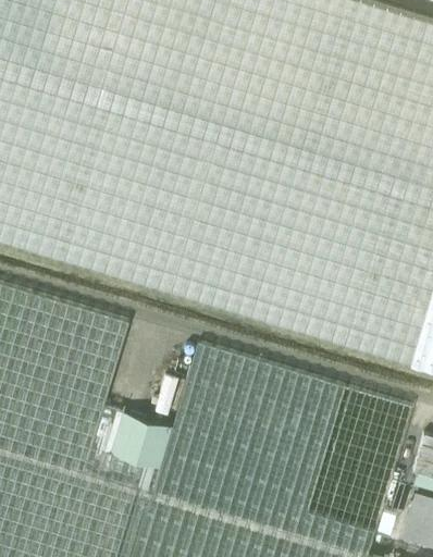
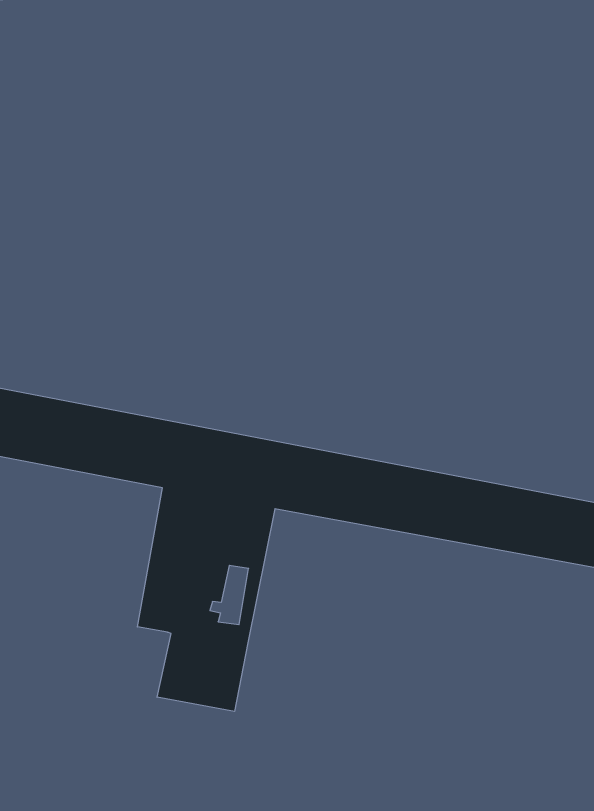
building: [110,412,171,469] -> none

